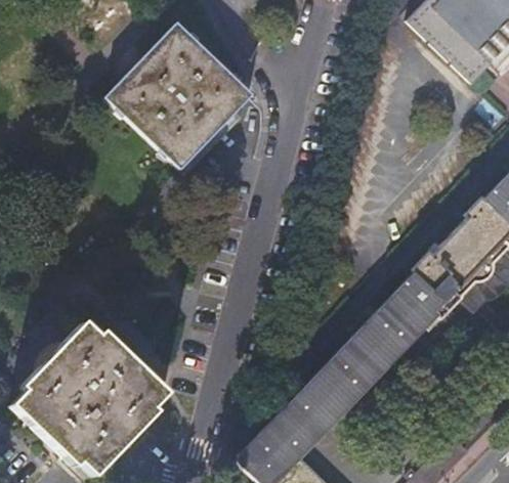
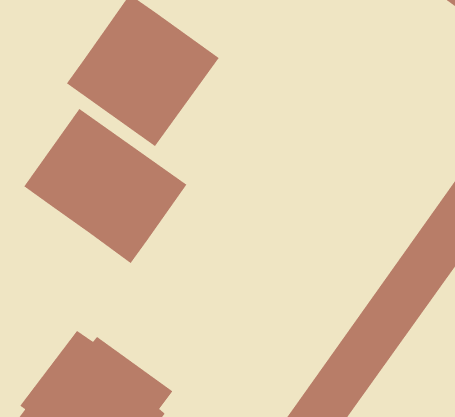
building: none -> [23,108,188,264]

